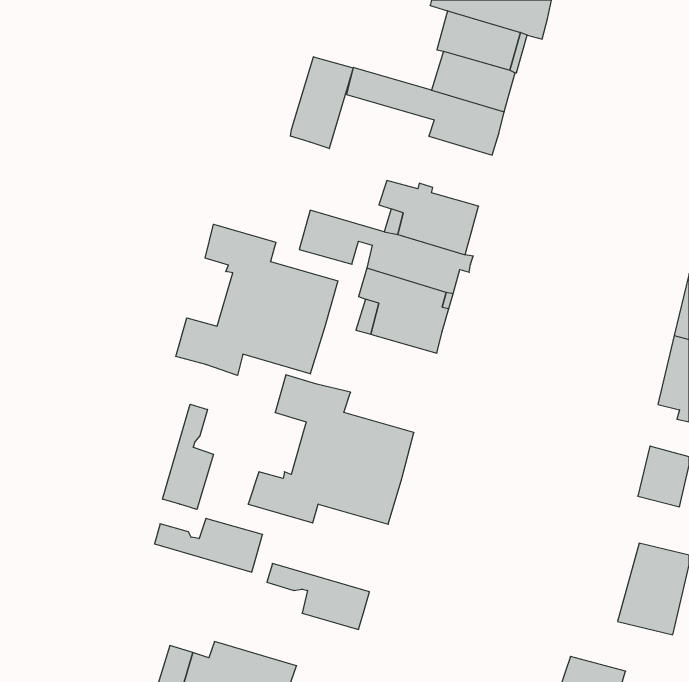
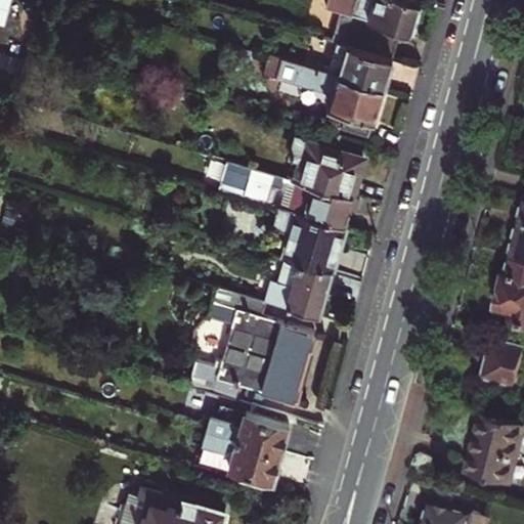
building: [291,57,353,149] -> none
building: [176,224,338,375] -> none
building: none -> [266,260,332,318]
building: [163,404,213,509] -> none
building: [155,518,263,572] -> [207,413,289,454]

